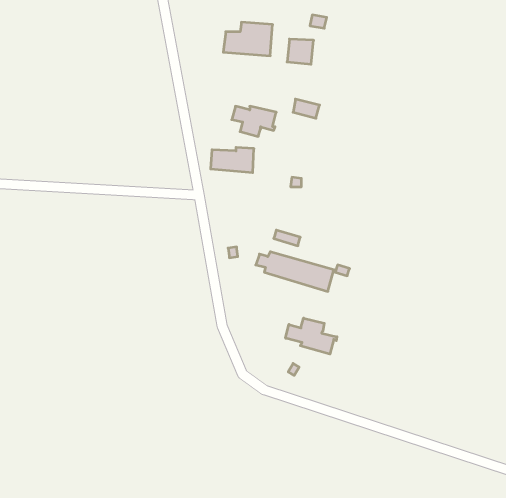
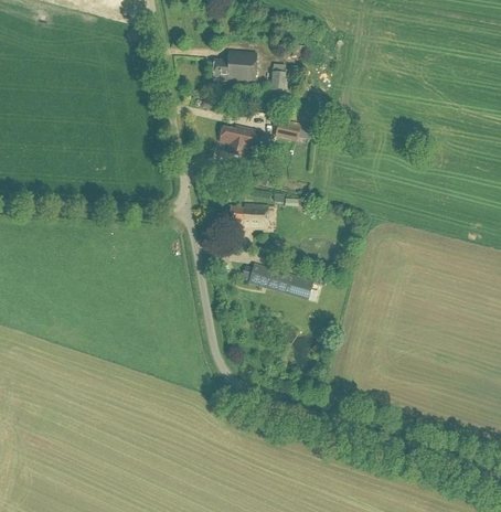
building: [211,147,254,173] -> [228,205,268,228]
building: [286,318,337,354] -> none

